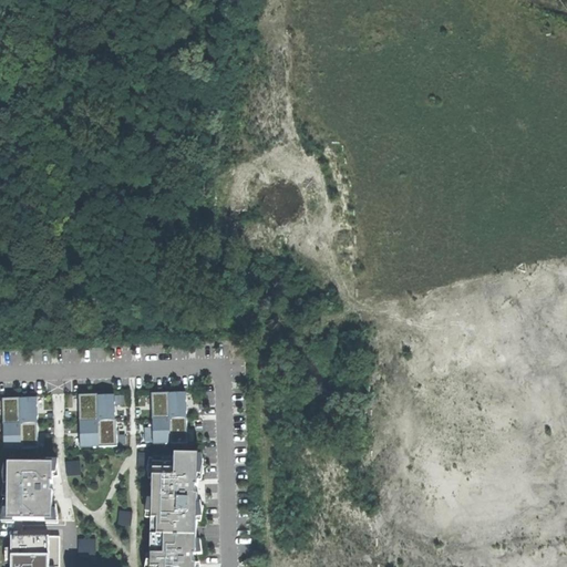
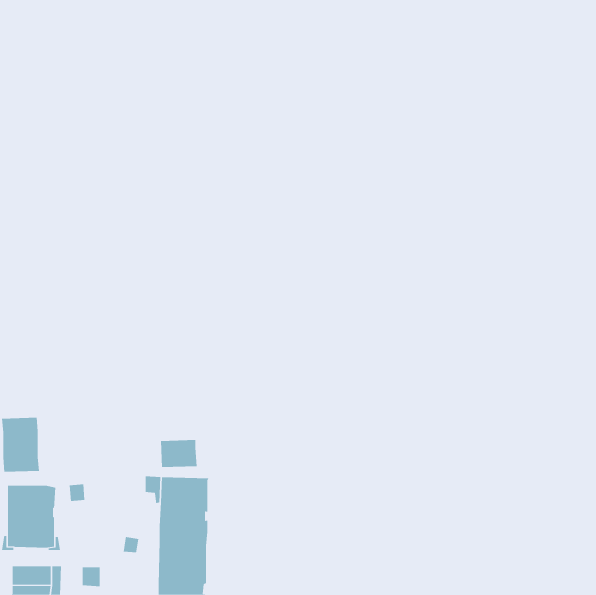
building: [151,391,186,417] -> none
building: [78,393,116,446] -> none

